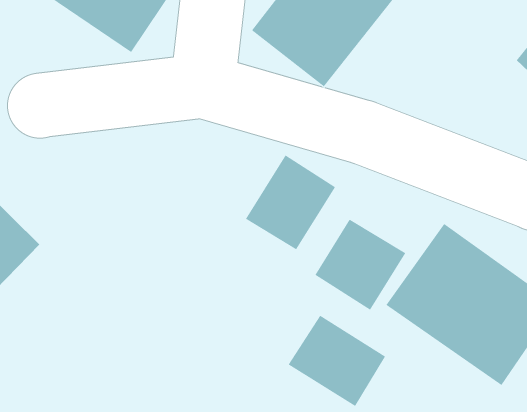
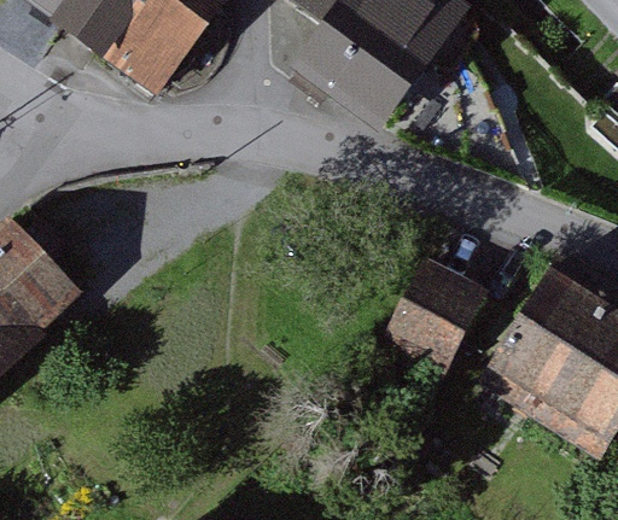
building: [245,154,336,250] -> none
building: [288,315,386,407] -> none

